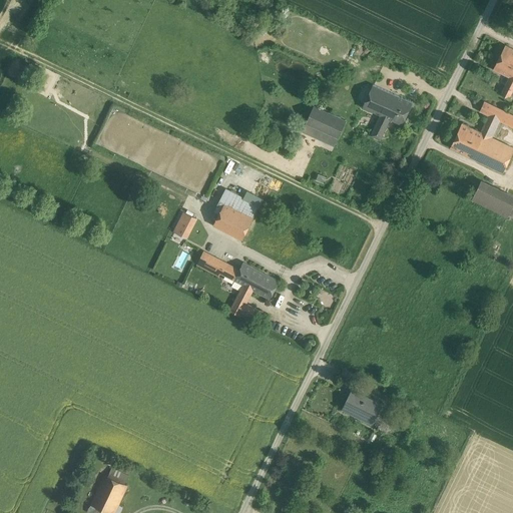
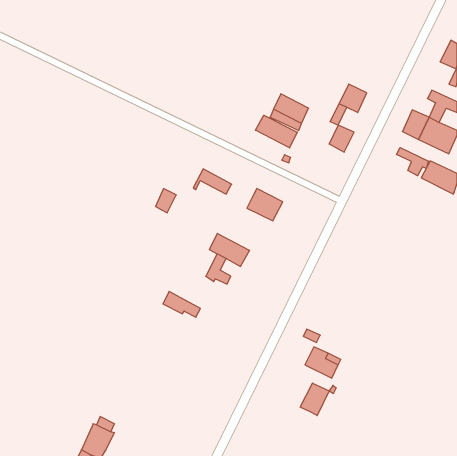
building: [363,87,391,117] -> [329,125,354,152]
building: none -> [255,115,297,148]
building: none -> [397,148,428,176]
building: [213,203,253,239] -> [247,189,283,221]
building: [197,251,239,281] -> [163,291,200,317]
building: none -> [300,383,329,416]

